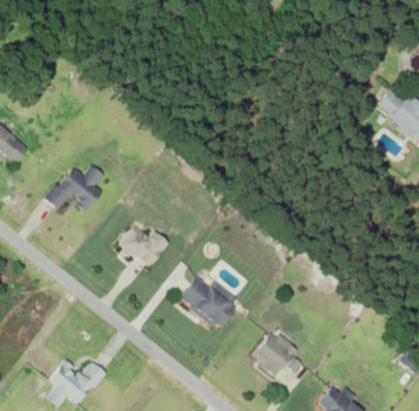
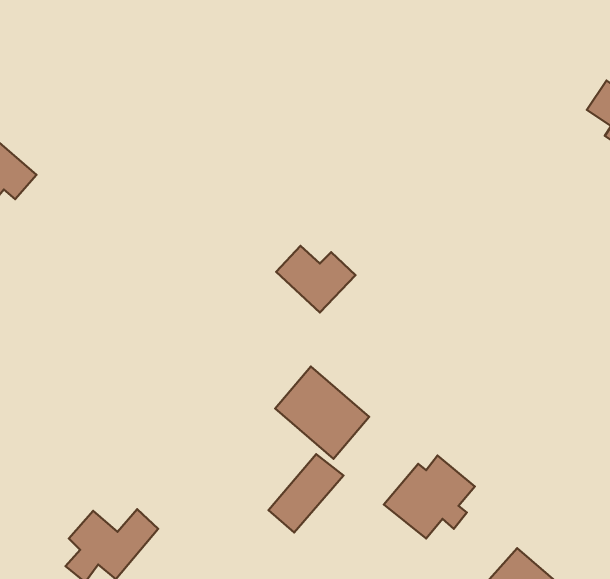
building: [43,165,103,211] -> none
building: [118,227,169,269] -> [276,246,356,312]
building: none -> [268,454,343,532]

